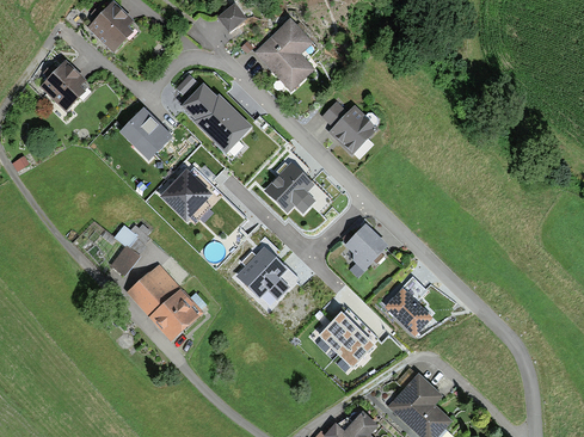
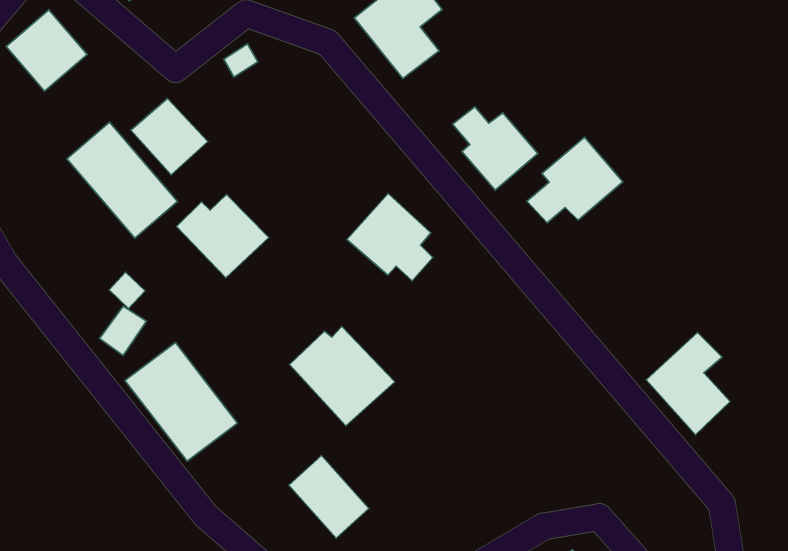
building: [179,81,251,153] -> [67,122,177,238]
building: none -> [527,137,623,223]
building: [342,224,385,267] -> none
building: [381,273,435,338] -> [646,332,730,435]
building: [320,315,371,367] -> [289,455,369,538]

